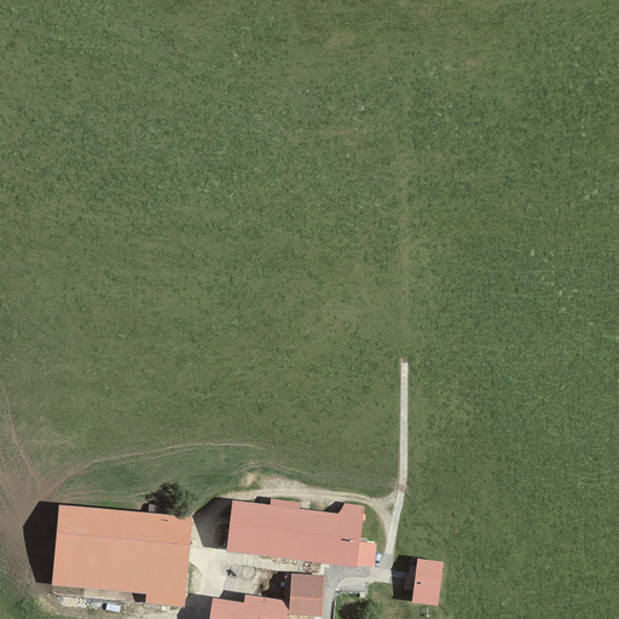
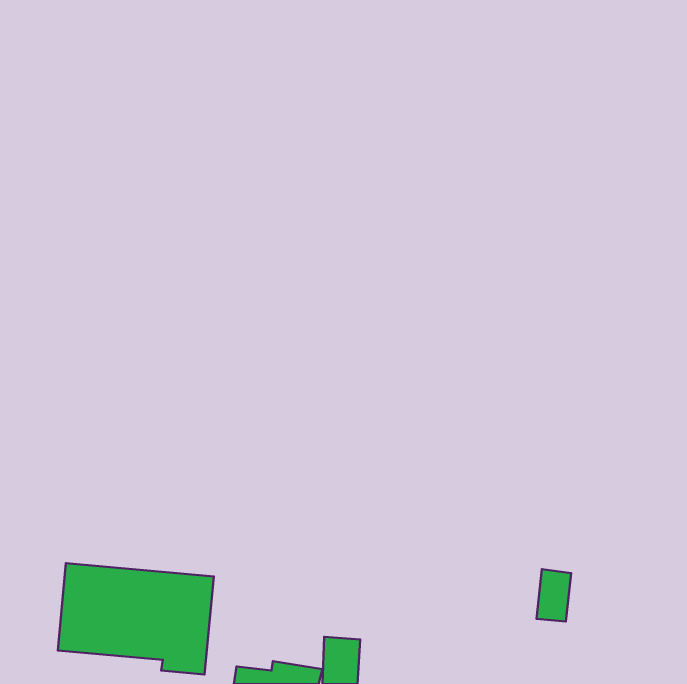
building: [224,499,365,568] -> none
building: [412,559,444,606] -> [536,569,571,622]

